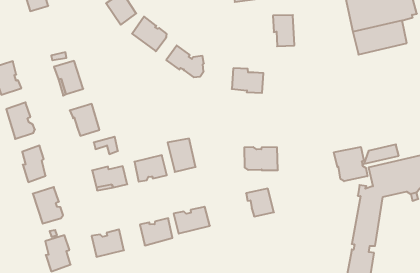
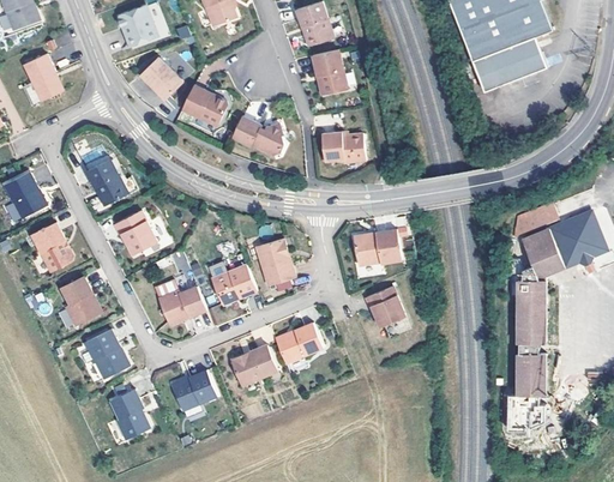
building: [273,15,294,46] -> [312,50,347,95]
building: [334,147,367,181] -> none

